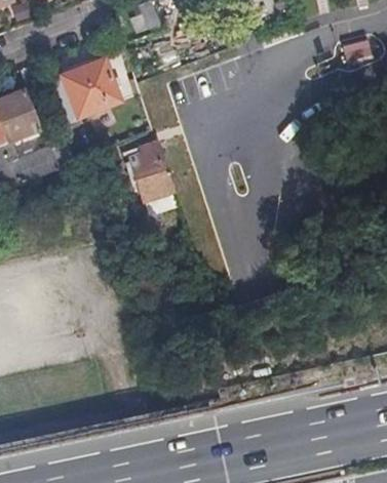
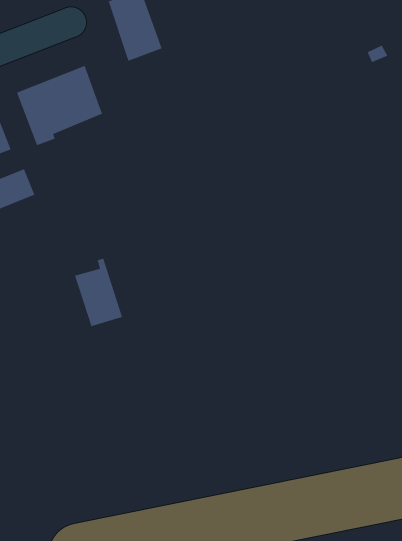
building: [130,142,172,201] -> [74,258,123,327]

